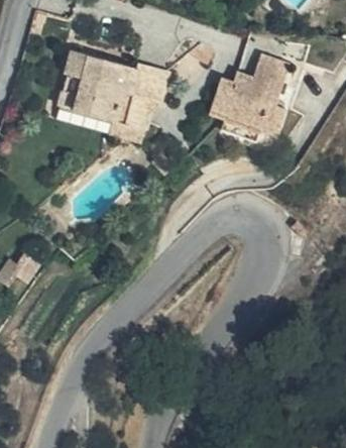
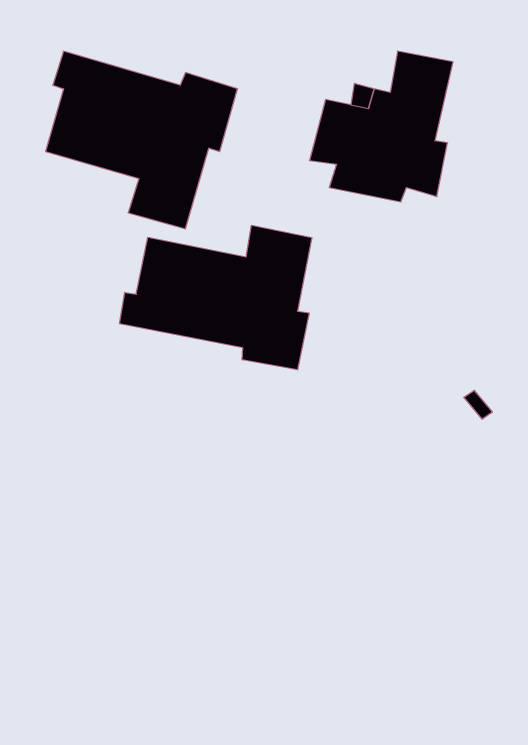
building: none -> [119,225,312,370]

